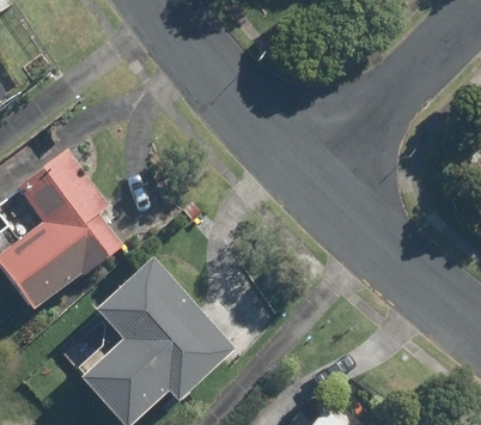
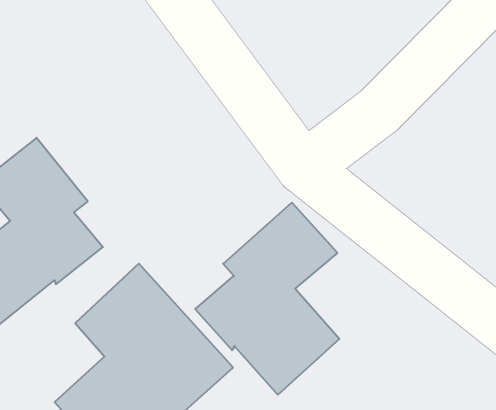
building: none -> [195,203,339,395]

